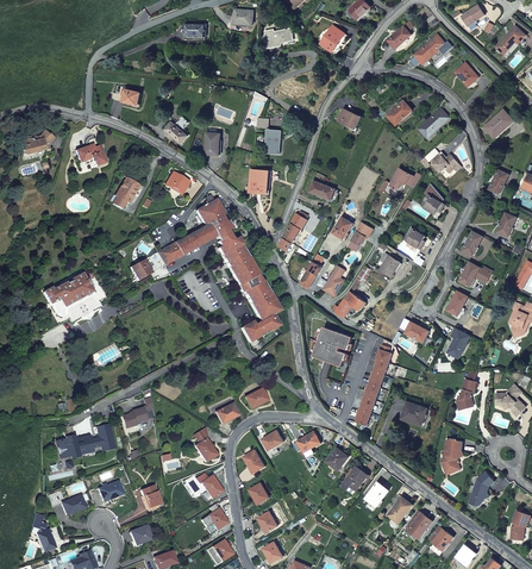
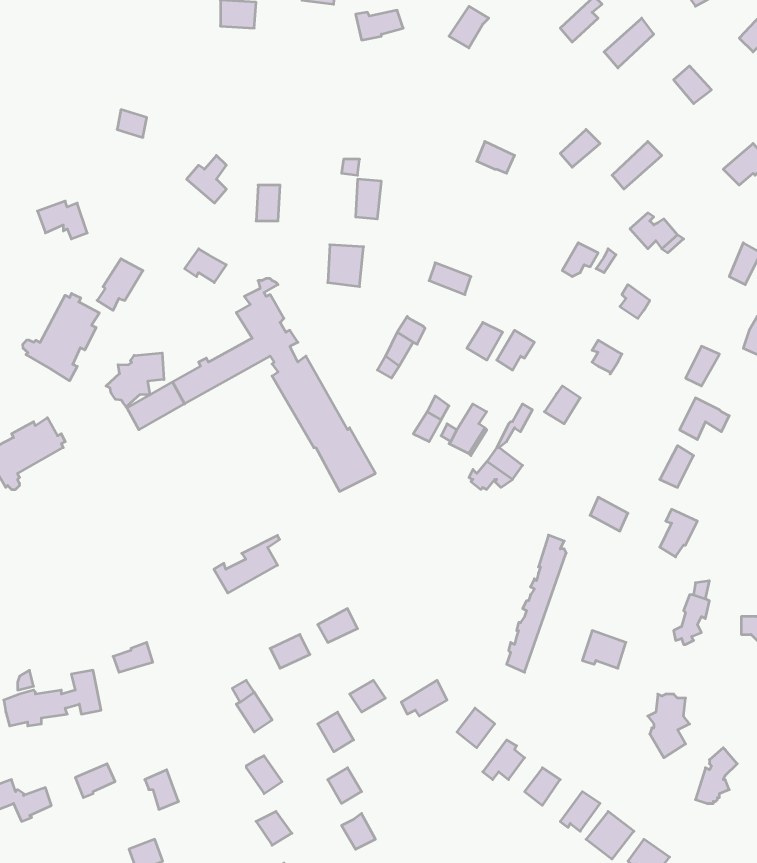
building: none -> [23,293,99,381]
building: none -> [106,353,164,407]
building: [239,307,278,342] -> [214,535,280,593]
building: [313,326,352,367] -> none

